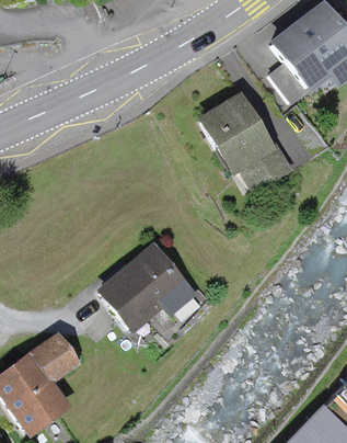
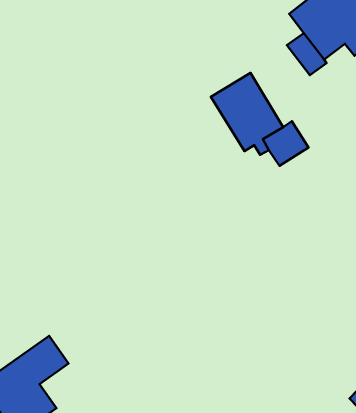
building: [102,247,190,326] -> none

